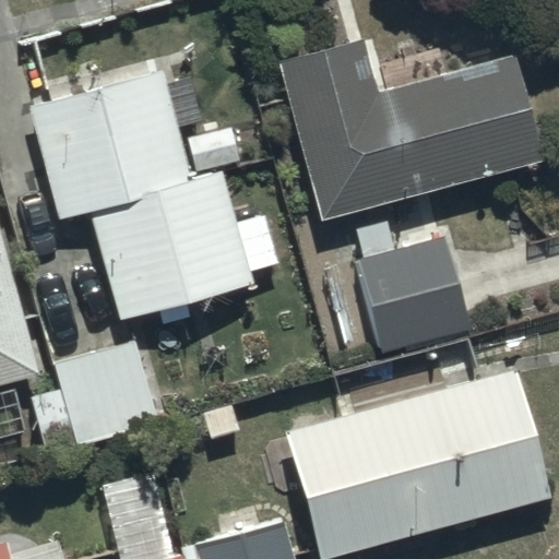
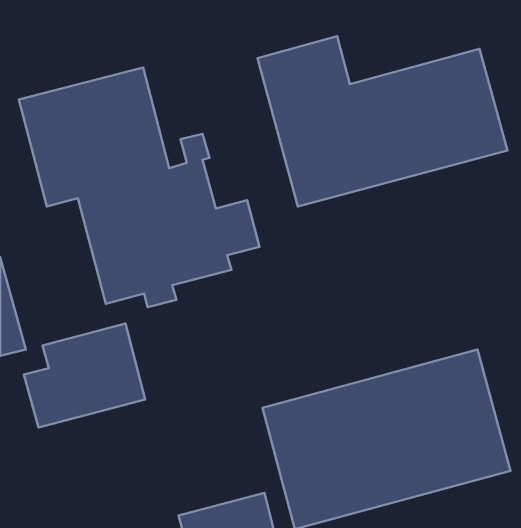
building: [358,239,471,353] -> none

